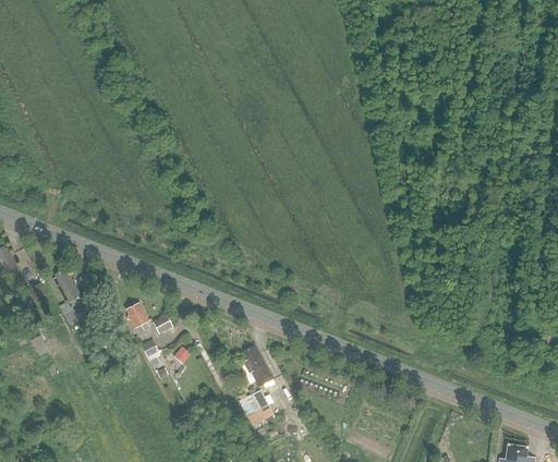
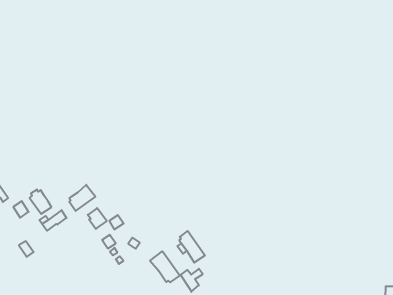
building: none -> [69,185,95,211]
building: none -> [150,251,180,282]

